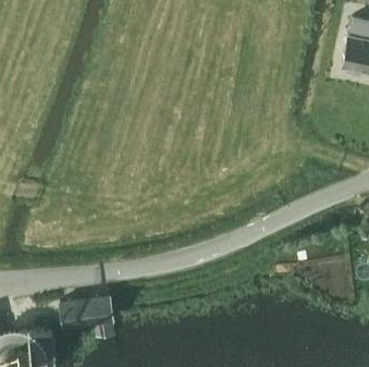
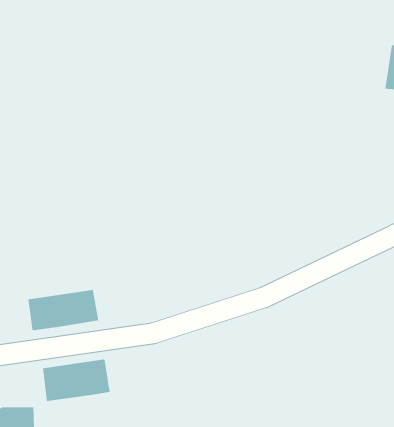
building: none -> [28,289,99,331]

